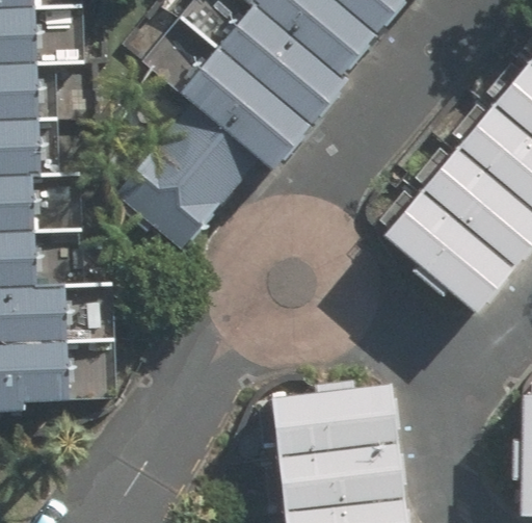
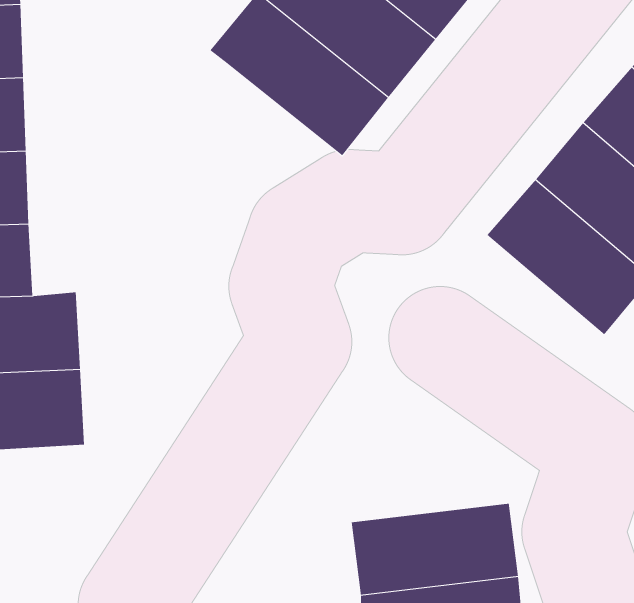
building: [108,105,251,249] -> none
building: [272,386,400,456] -> none

